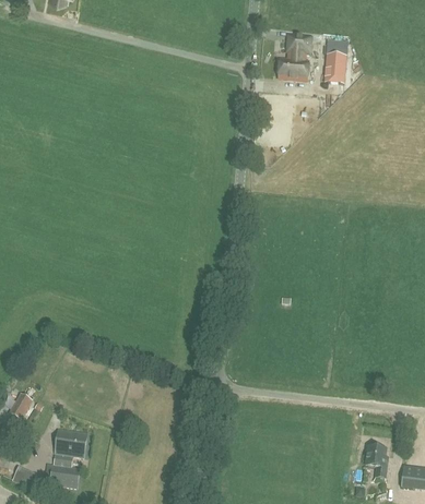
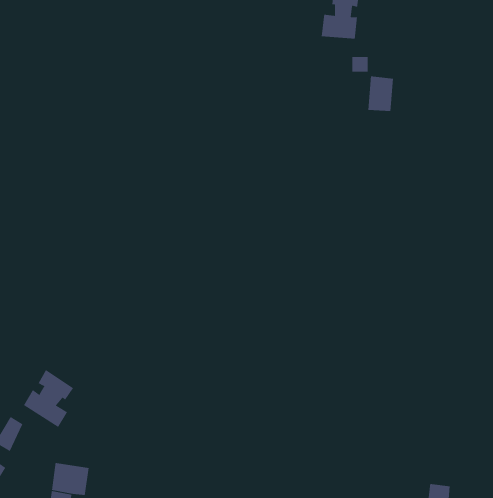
building: [324,53,346,83] -> [367,76,394,111]
building: none -> [23,369,74,428]

